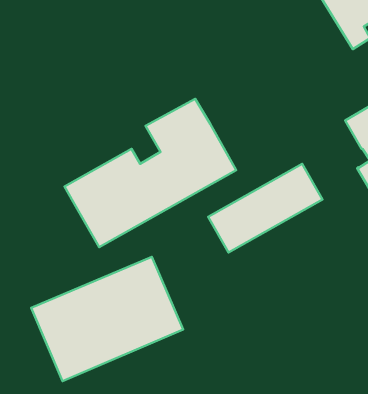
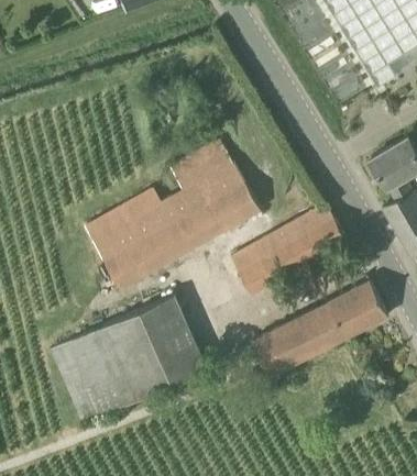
building: none -> [253,281,388,376]

